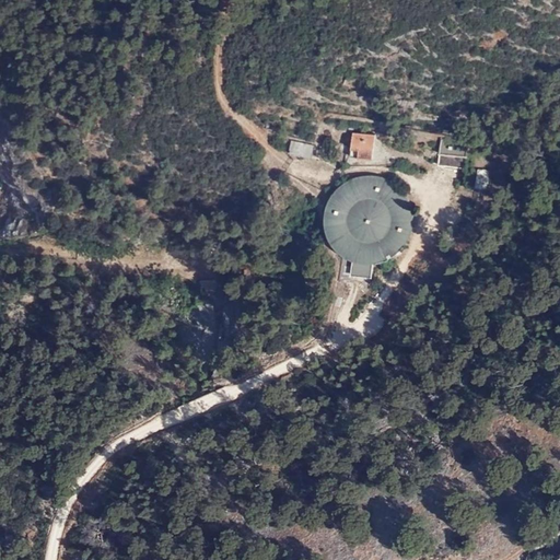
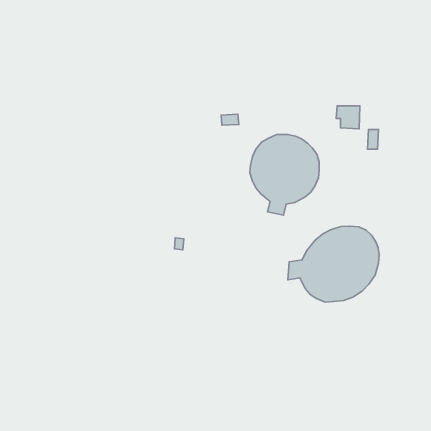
building: [346,133,372,158] -> none
building: none -> [288,226,379,302]

